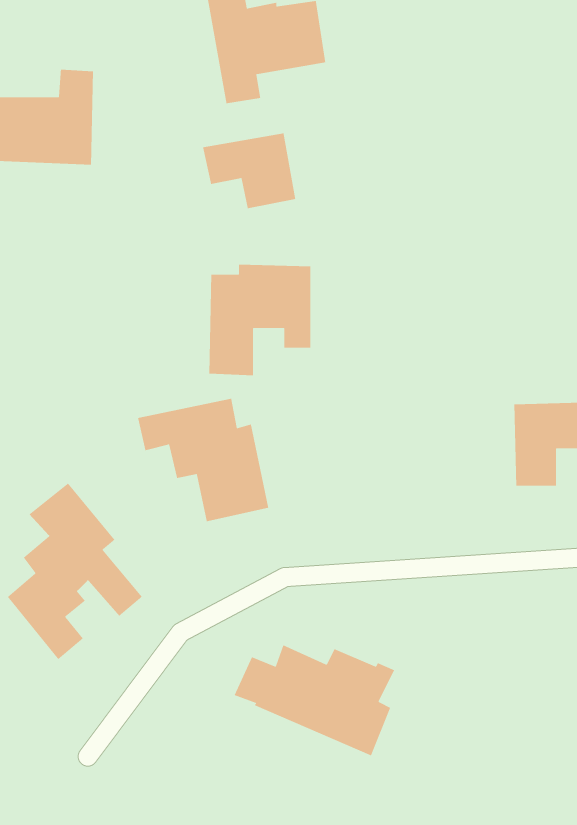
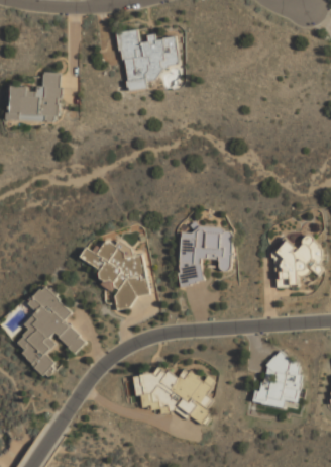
building: [202,133,296,209] -> none
building: [209,264,311,376] -> [179,226,231,284]
building: none -> [254,354,303,408]

